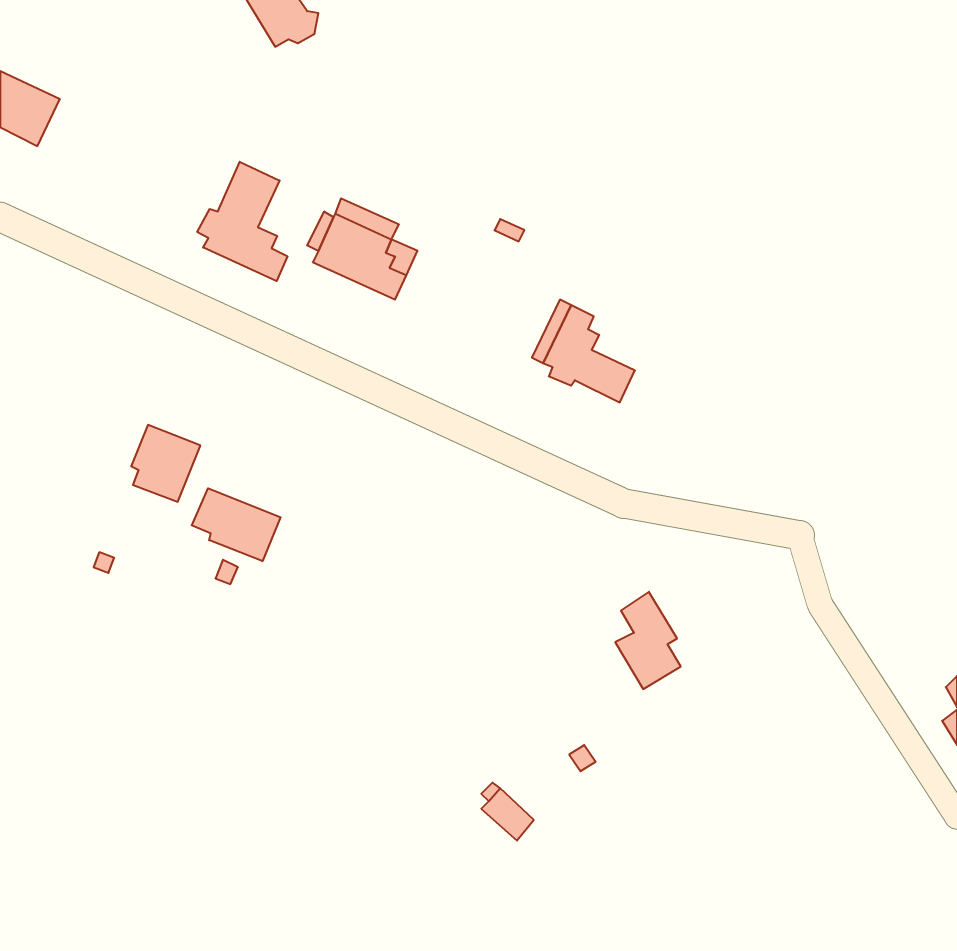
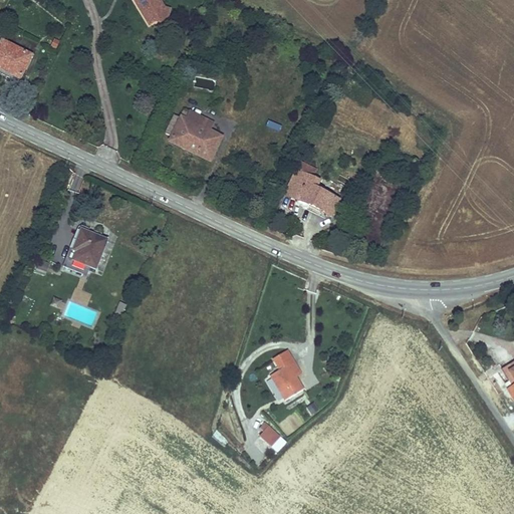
building: [197,162,287,281] -> none
building: [192,488,281,561] -> none
building: [615,592,681,689] -> [268,346,303,399]

